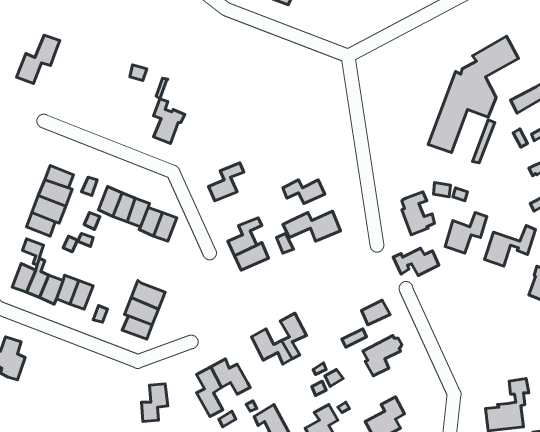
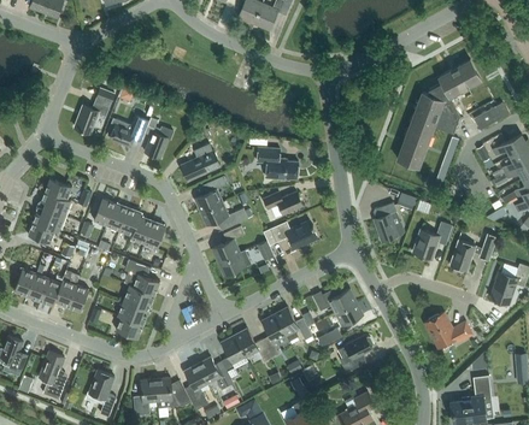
building: [17,35,60,84] -> [75,88,114,132]
building: none -> [107,116,149,146]
building: none -> [181,140,221,181]
building: none -> [258,147,299,179]
building: none -> [201,202,248,229]
building: [393,248,439,276] -> [313,287,355,312]
building: none -> [127,259,160,295]
building: none -> [275,308,312,341]
building: none -> [424,312,474,346]
building: none -> [222,336,248,378]
building: none -> [40,352,66,399]
building: none -> [89,370,116,415]
building: none -> [155,377,192,407]

